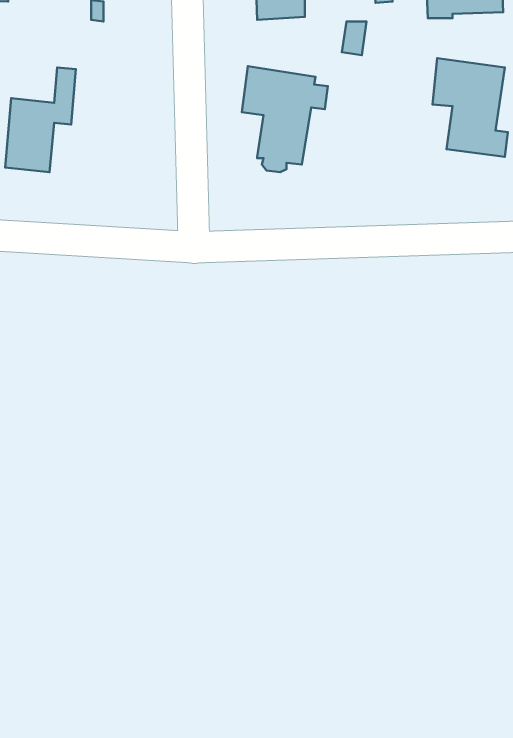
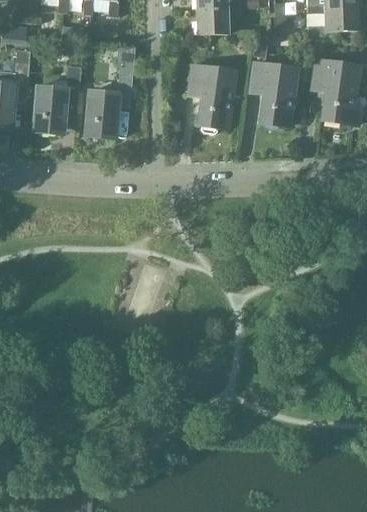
building: none -> [86,43,134,137]
building: none -> [249,60,297,125]

